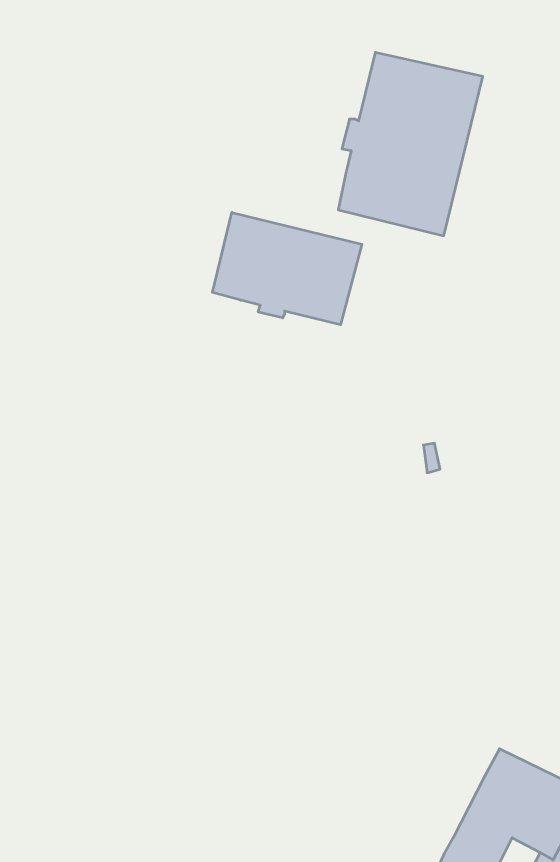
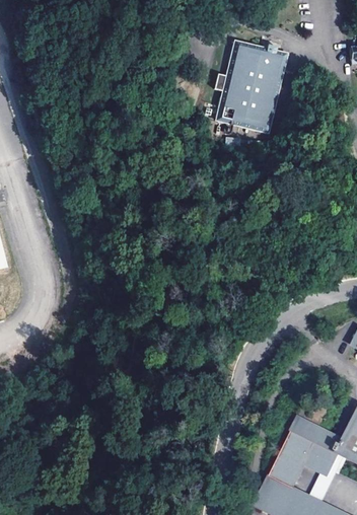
building: [212,212,362,325] -> none

